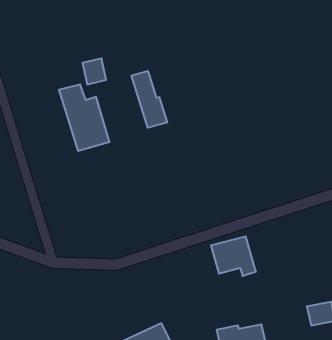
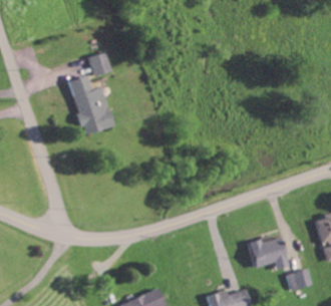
building: [131,71,167,128] -> none
building: [211,236,256,276] -> [248,235,288,270]

